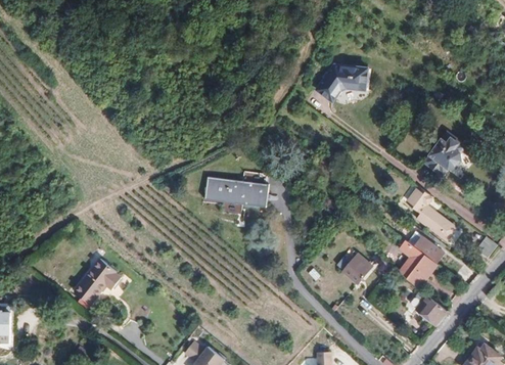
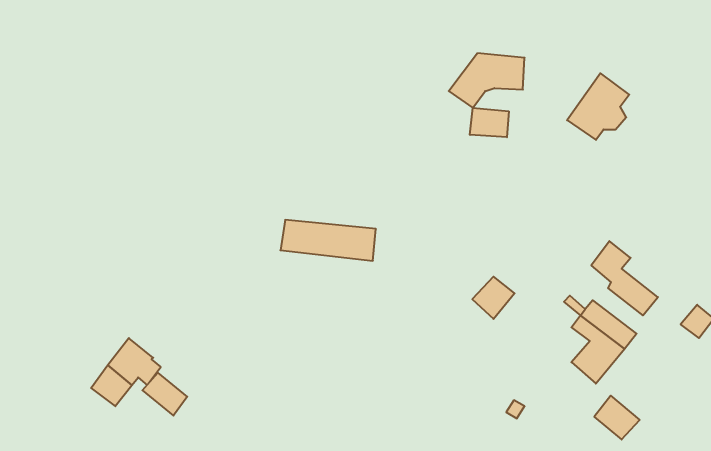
building: none -> [470,108,509,137]
building: [425,133,467,178] -> [567,73,629,140]
building: [341,254,370,282] -> [472,277,515,319]
building: none -> [142,373,187,416]

